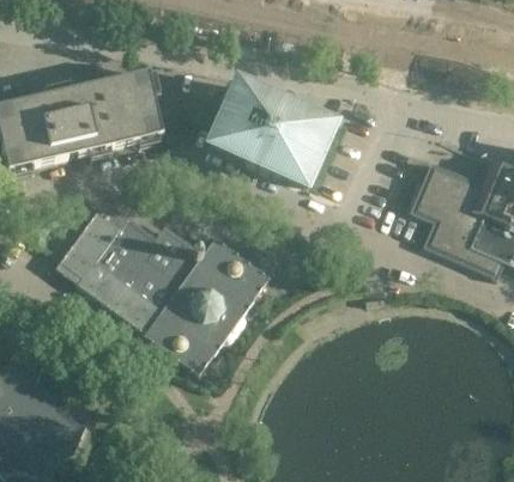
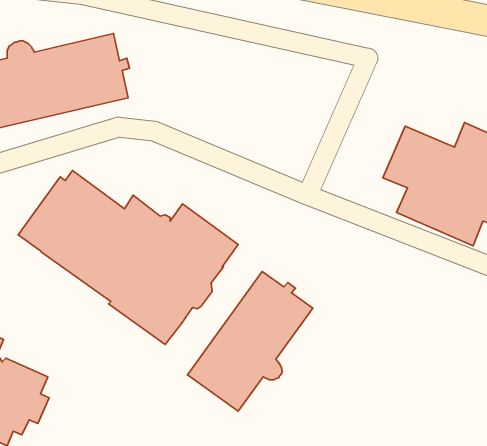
building: [208,83,333,184] -> none
building: none -> [188,272,313,411]

